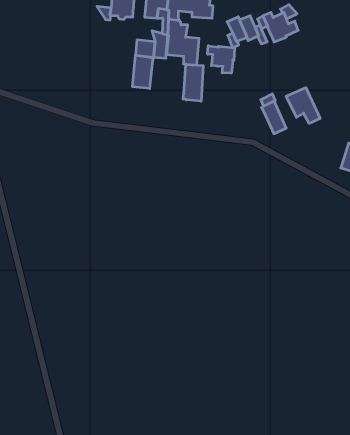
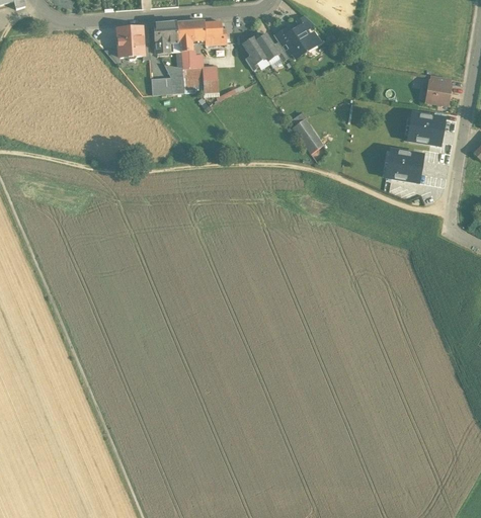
building: [208,46,234,73] -> none
building: [133,55,153,89] -> none
building: [183,64,203,101] -> none
building: [286,88,320,123] -> none

